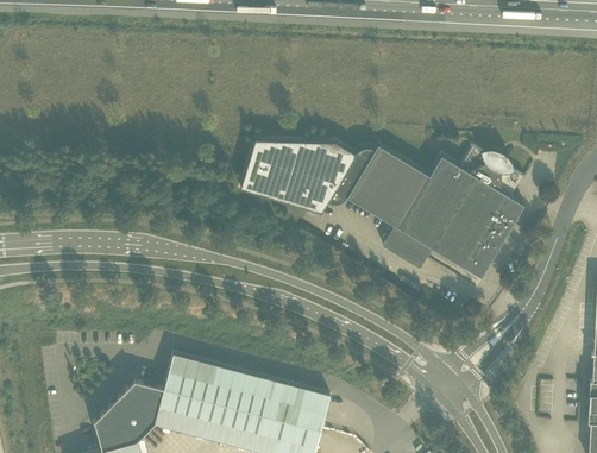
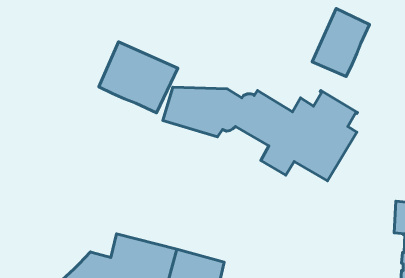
building: none -> [312,8,370,76]
building: none -> [99,42,178,113]

